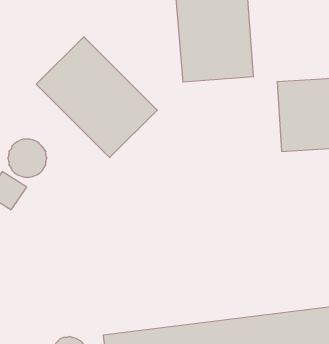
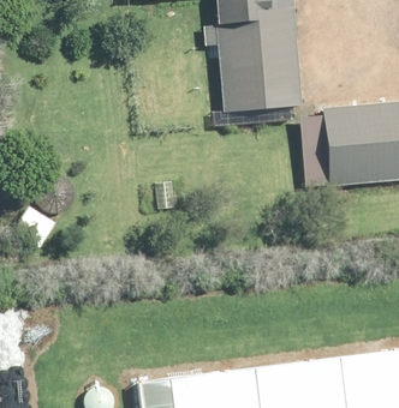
building: [36,37,157,158] -> none

